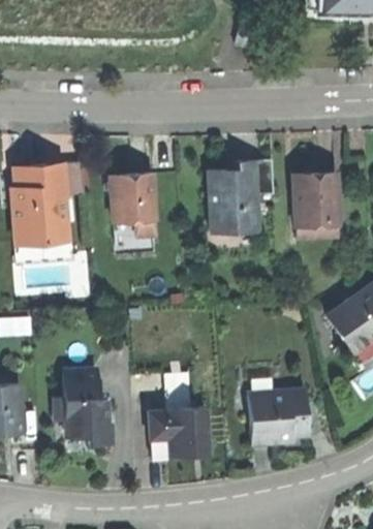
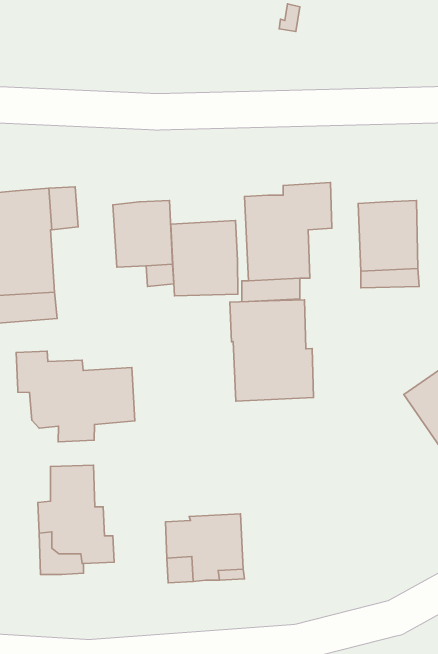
building: none -> [171,221,238,296]
building: none -> [230,300,313,401]
building: none -> [16,351,135,442]
building: [248,390,308,441] -> none

